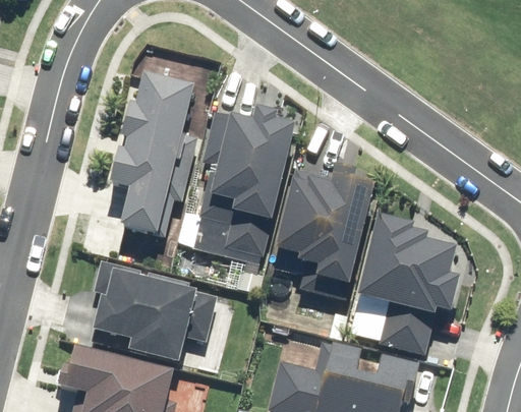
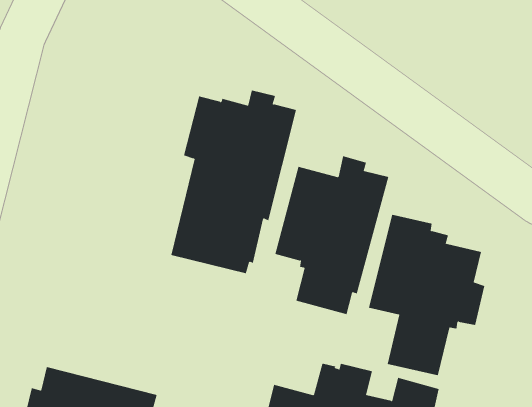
building: [112,70,194,230] -> none
building: [85,260,212,361] -> none

